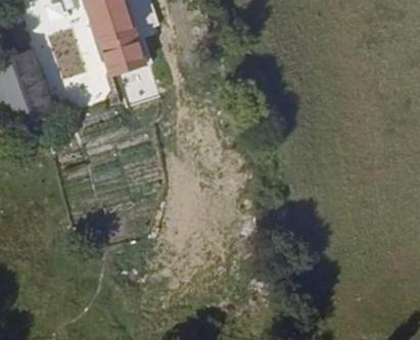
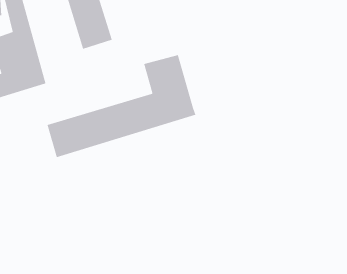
building: none -> [46,54,197,158]

